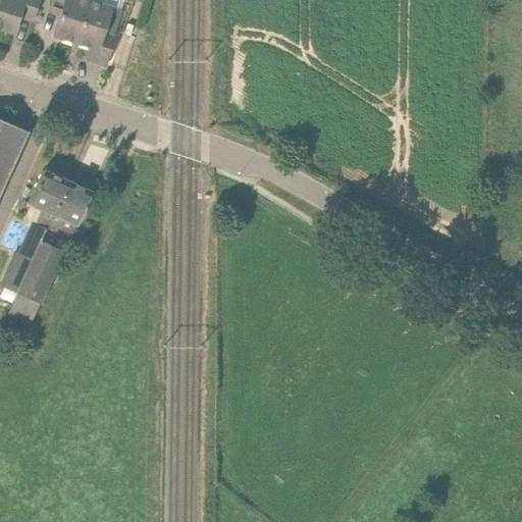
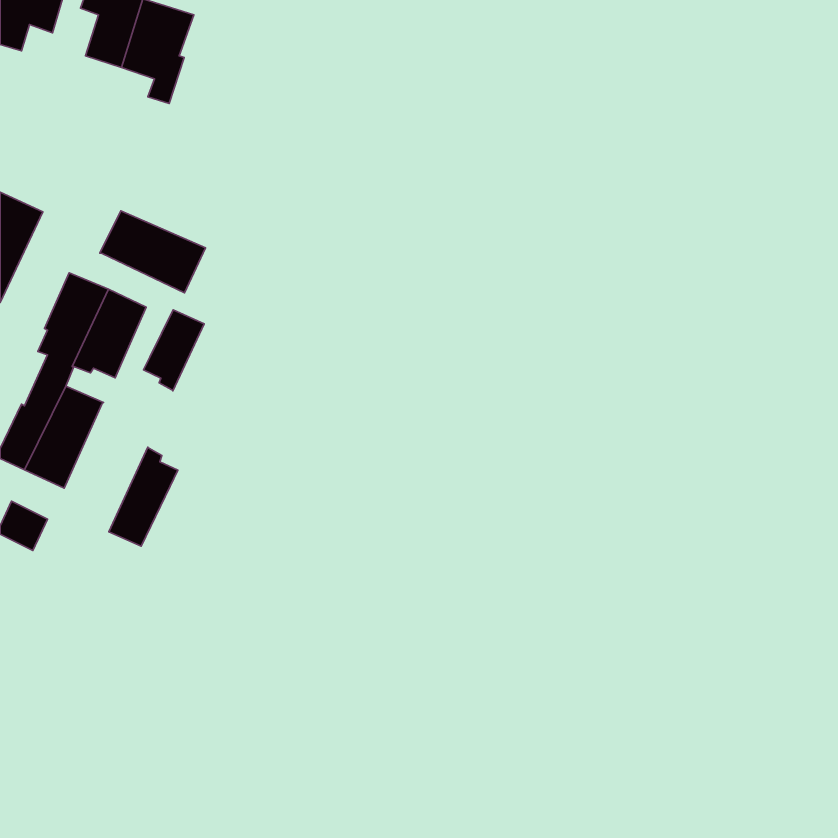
building: none -> [100,211,206,293]
building: none -> [143,310,204,391]
building: none -> [109,447,178,546]

